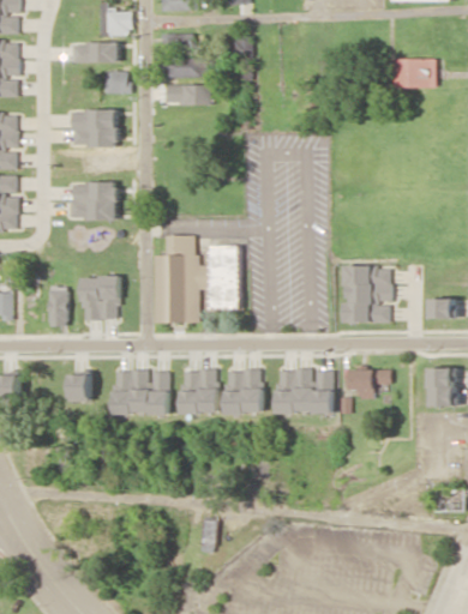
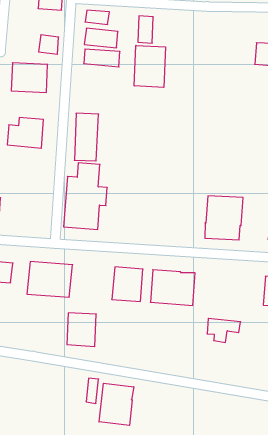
building: [71,43,118,64] -> none
building: none -> [134,45,165,87]
building: [209,246,240,309] -> [74,113,99,161]
building: [80,276,118,320] -> none
building: [347,369,390,399] -> [207,318,241,342]
building: [180,371,218,414] -> [67,313,96,347]
building: none -> [99,383,134,425]

